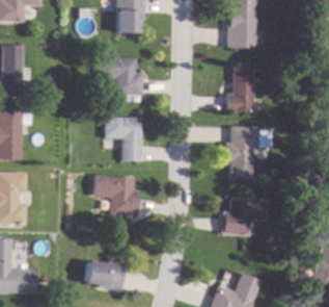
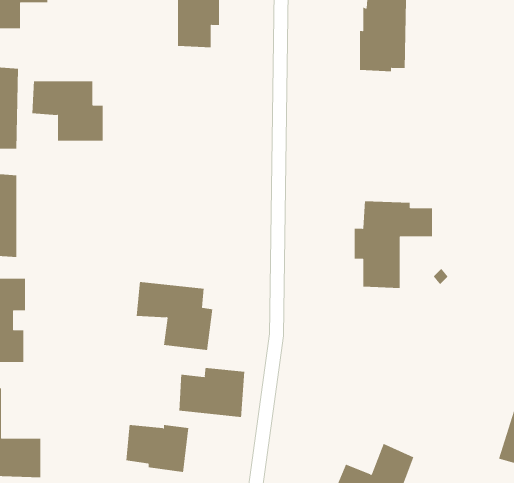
building: [100,57,143,94] -> [31,81,104,141]
building: [227,63,255,111] -> none
building: [105,116,143,160] -> none
building: [222,197,269,235] -> none
building: none -> [179,367,245,418]

